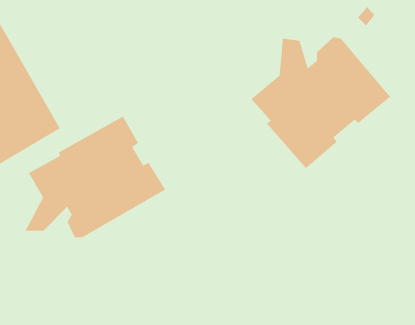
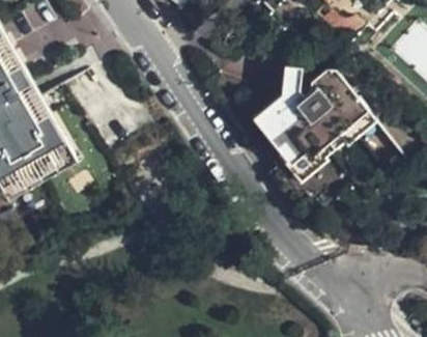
building: [24,115,166,238] -> none

